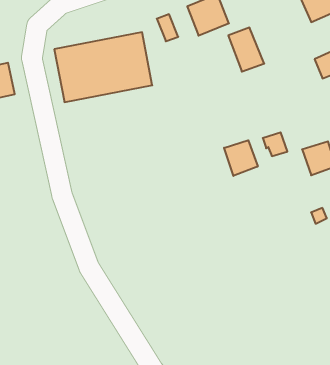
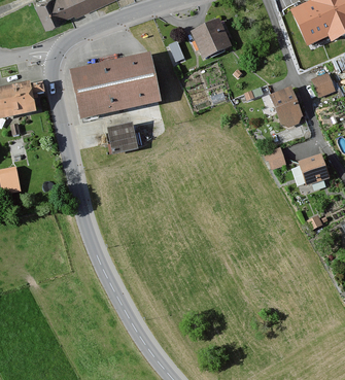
building: [228,28,264,72] -> [271,87,304,127]
building: none -> [108,125,136,152]
building: [224,140,258,176] -> none

